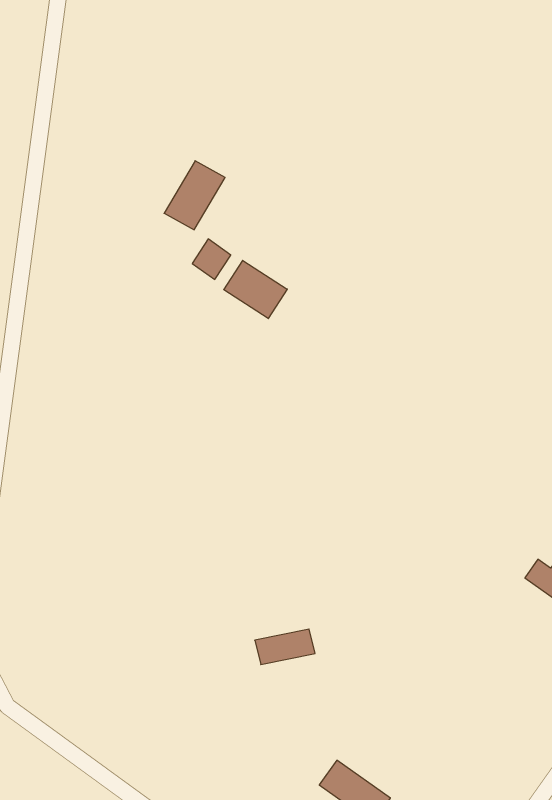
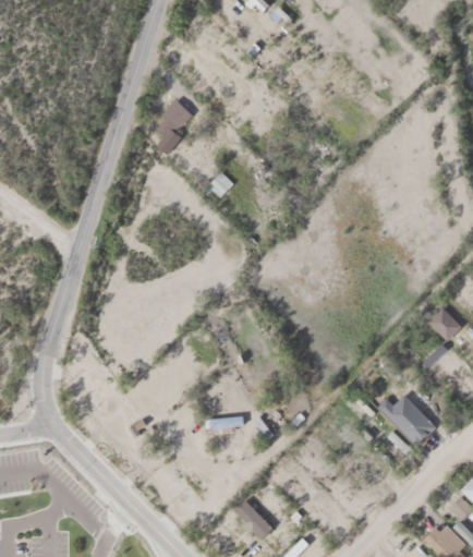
building: [164,161,225,230] -> [153,100,193,142]
building: [224,260,287,319] -> none

